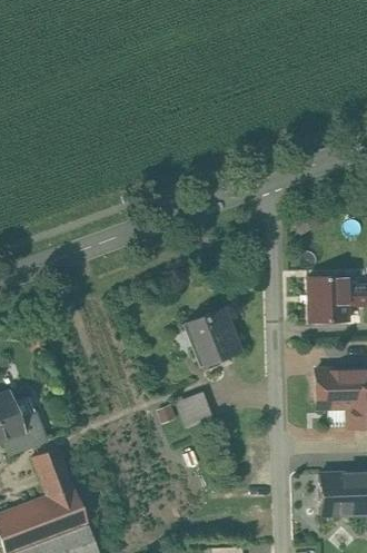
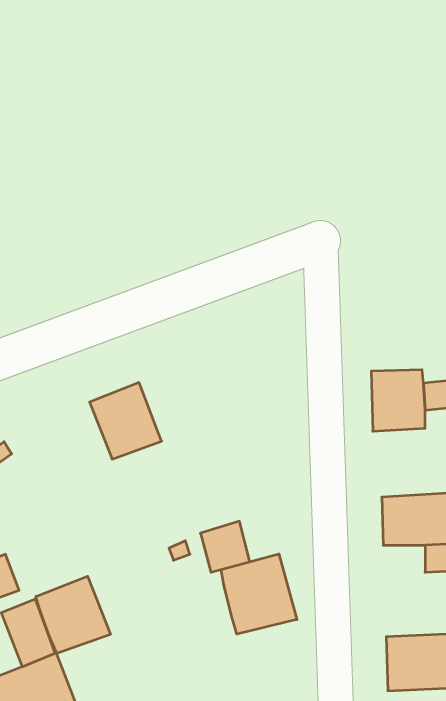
building: [187,308,240,365] -> [90,383,162,459]
building: none -> [221,554,297,634]
building: none -> [36,576,110,654]

